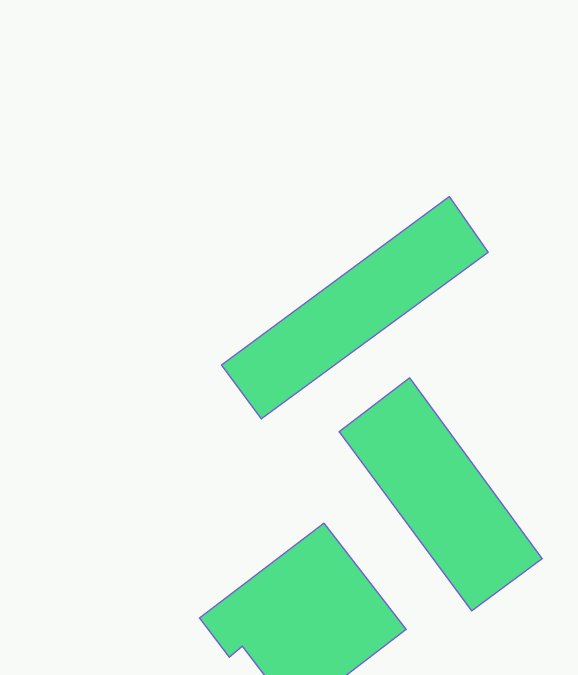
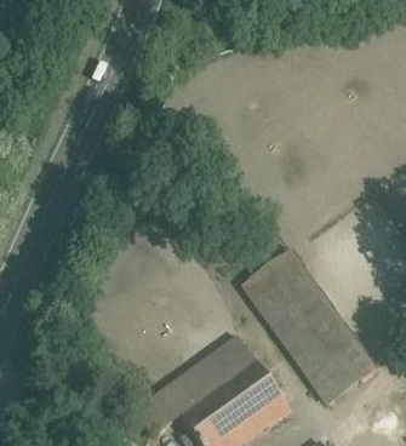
building: [222,197,488,419] -> none

